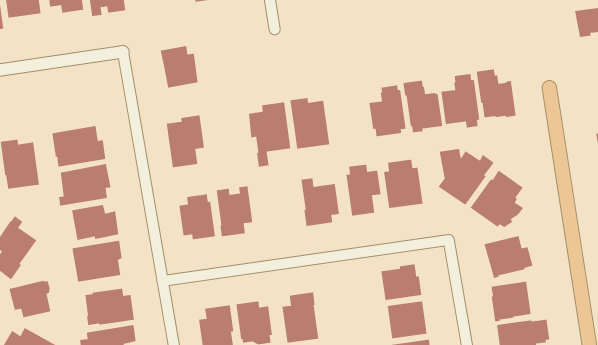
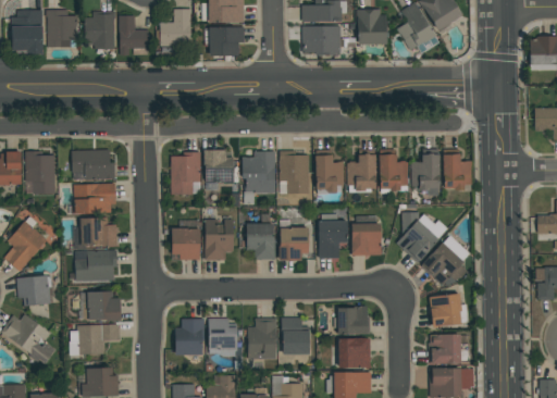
building: [160,45,198,88] -> [203,149,233,184]
building: none -> [315,154,344,194]
building: none -> [247,216,275,260]
building: none -> [281,318,310,355]

